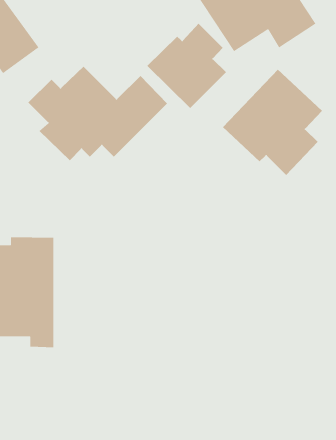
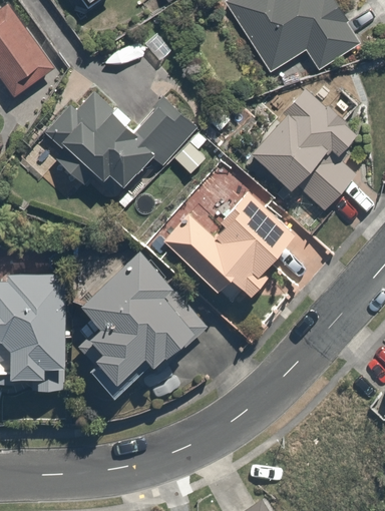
building: [146,23,227,109] -> none
building: none -> [156,178,312,316]
building: none -> [85,253,209,387]

